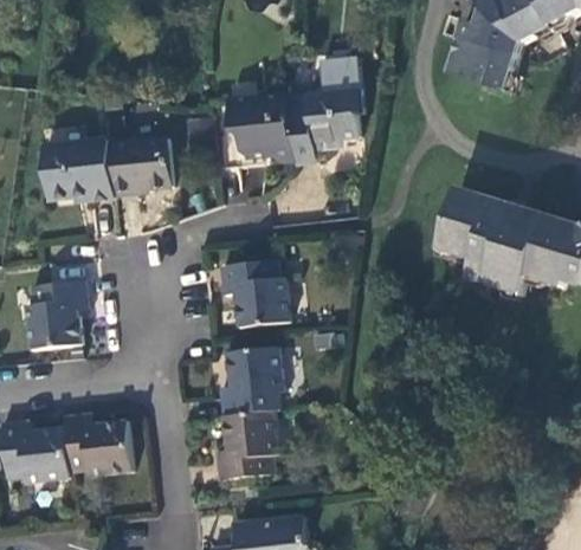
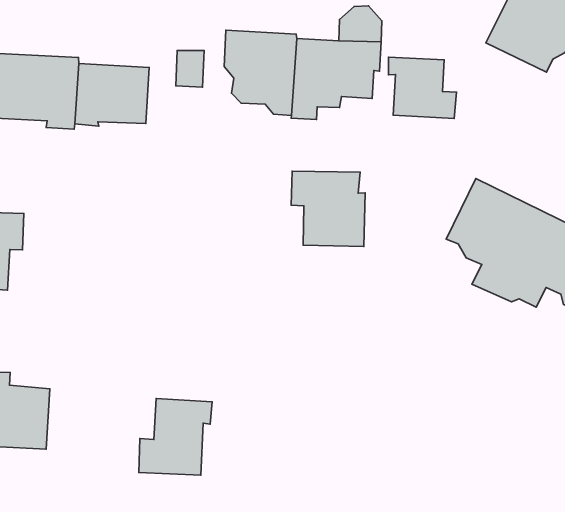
building: none -> [389,57,456,119]
building: [221,255,291,324] -> [291,171,365,246]
building: [217,344,282,414] -> none

